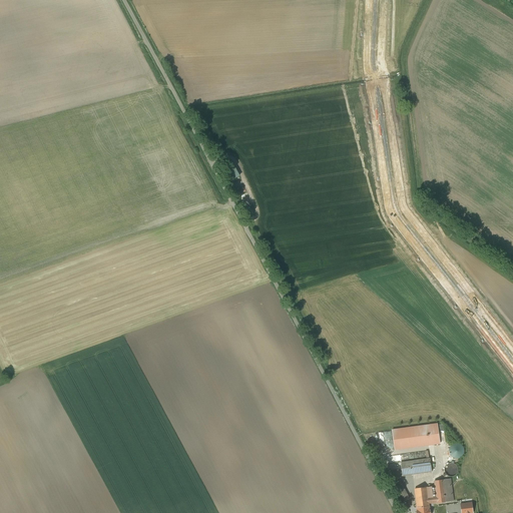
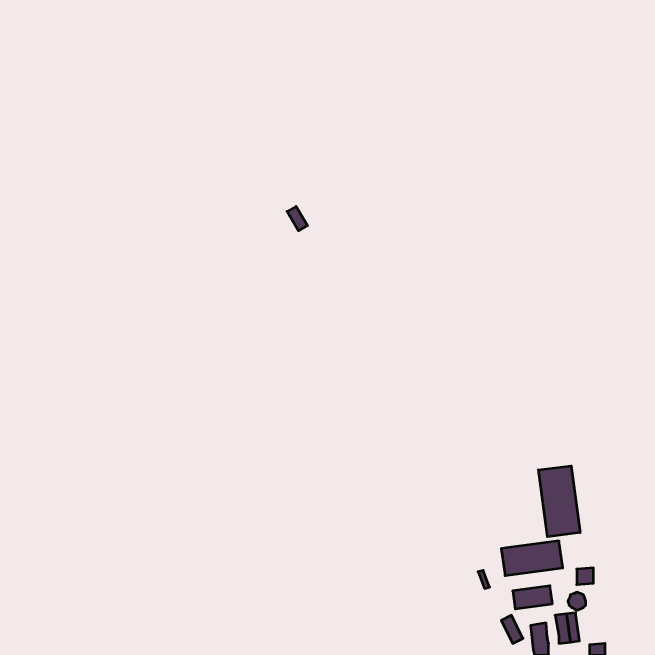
building: none -> [538,466,580,537]

